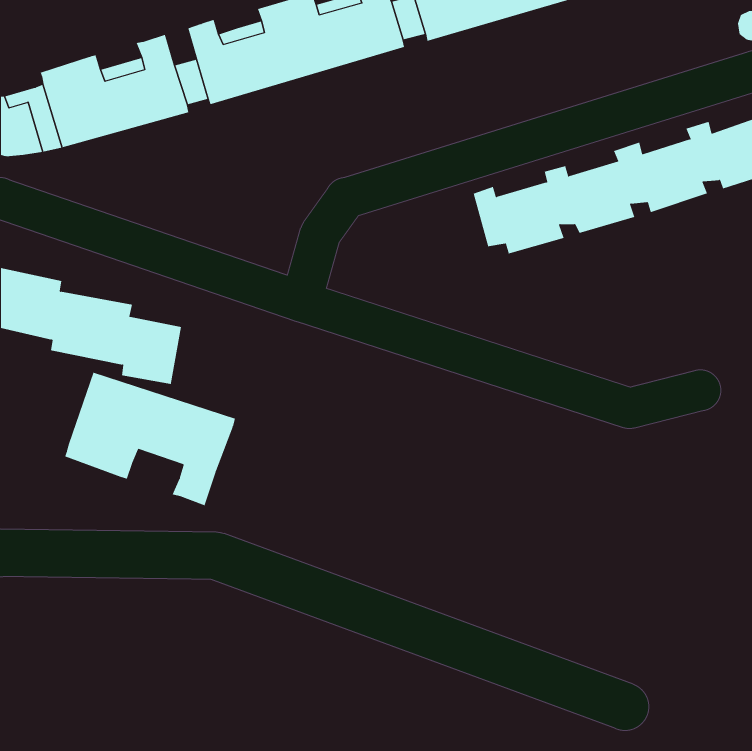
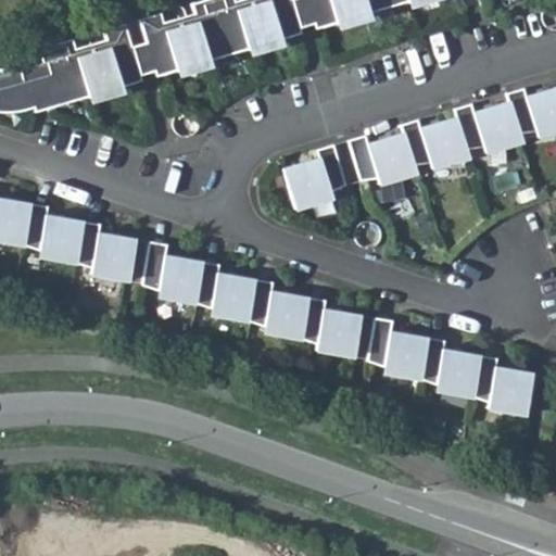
building: none -> [282,147,346,212]
building: none -> [143,242,359,358]
building: [64,372,235,506] -> none
building: none -> [368,319,532,417]

